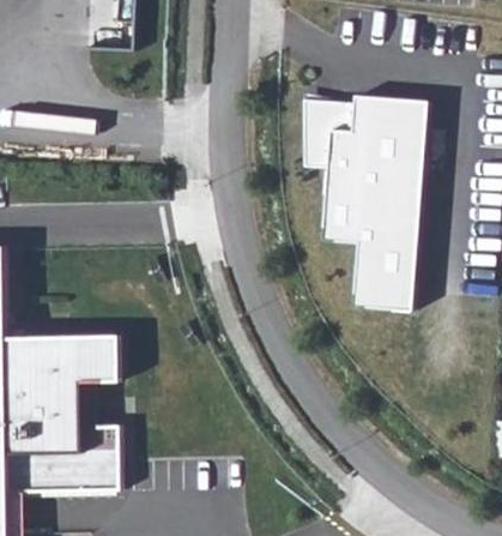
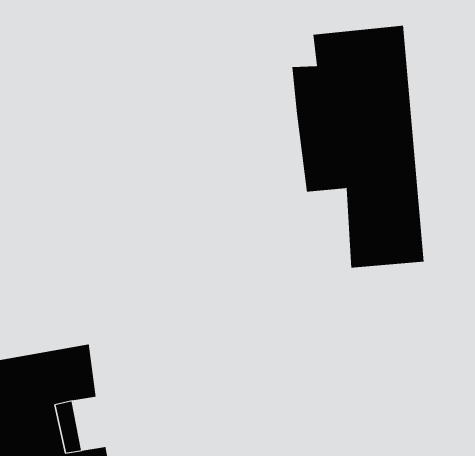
building: [298,95,351,164] -> none

